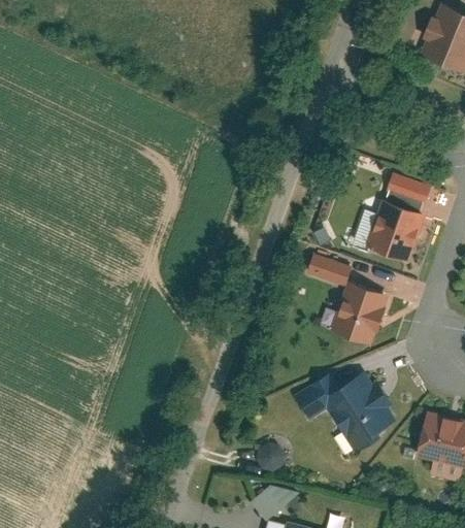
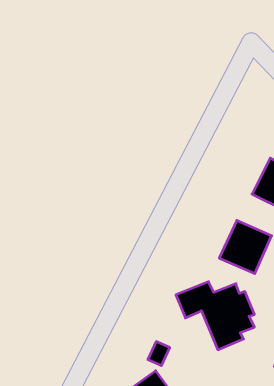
building: [305,256,352,289] -> none

